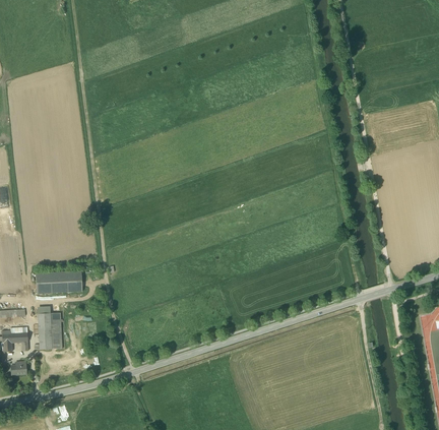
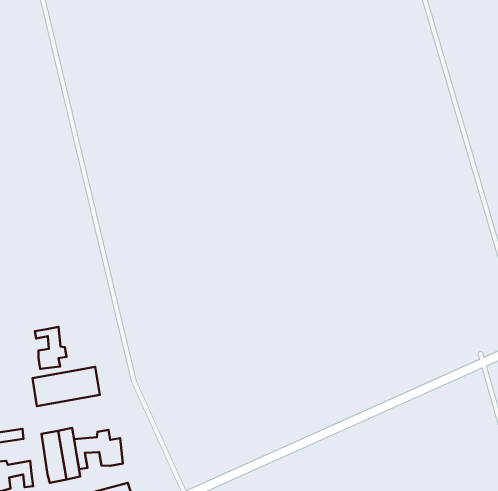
building: none -> [35,327,66,369]
building: none -> [74,430,123,469]

